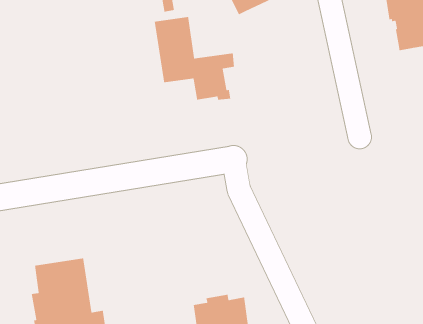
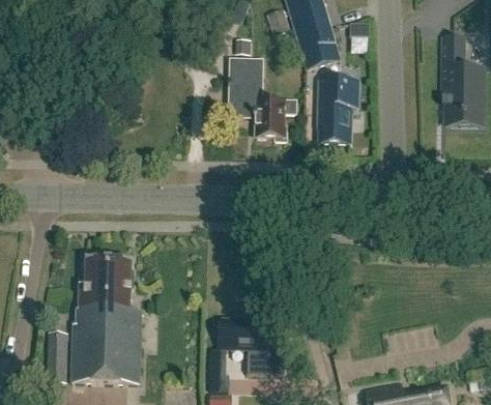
building: none -> [318,80,358,142]

